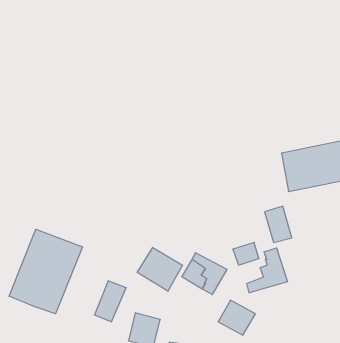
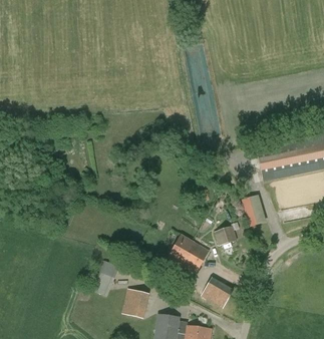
building: [9,229,82,314] -> none
building: [137,247,183,291] -> none
building: [247,248,288,293] -> none

